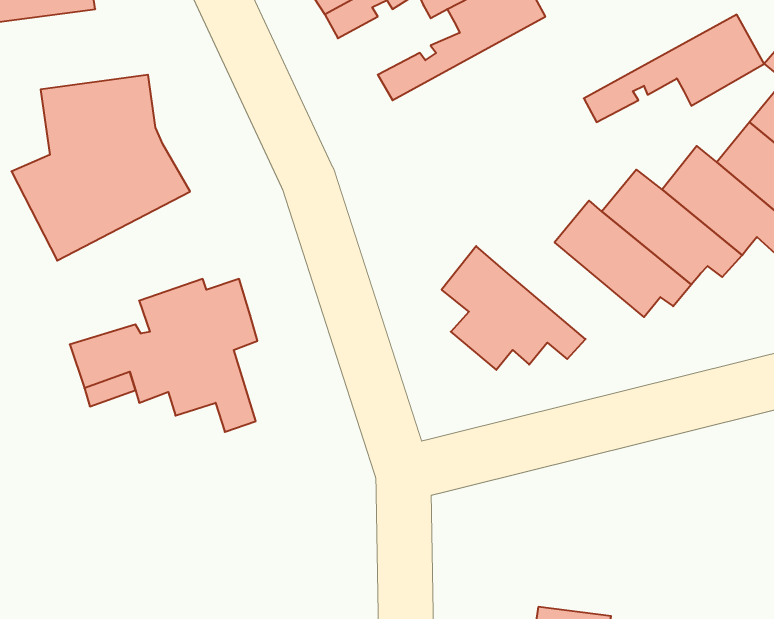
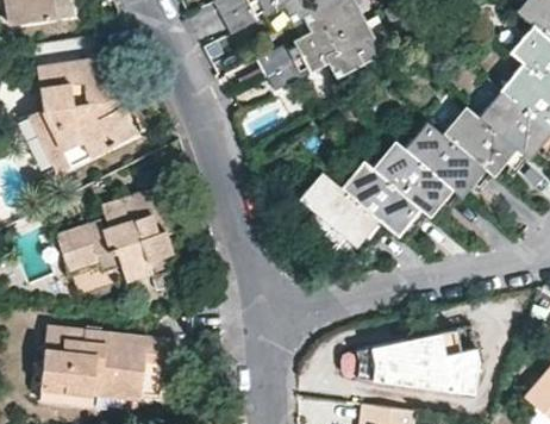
building: [584,15,764,122] -> [267,20,385,91]
building: none -> [340,160,431,236]
building: none -> [39,325,173,404]
building: none -> [357,326,477,393]

